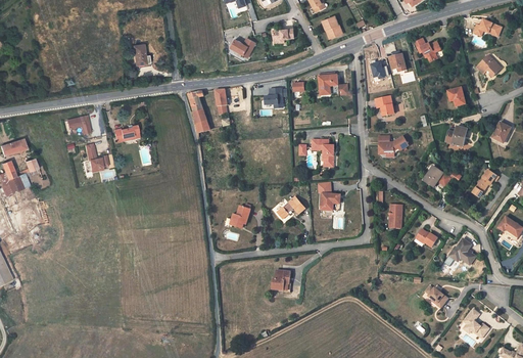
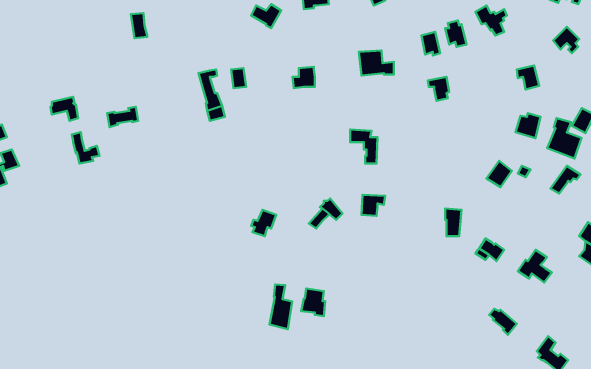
building: none -> [547,118,581,158]
building: [379,136,409,155] -> none
building: none -> [269,284,292,329]

